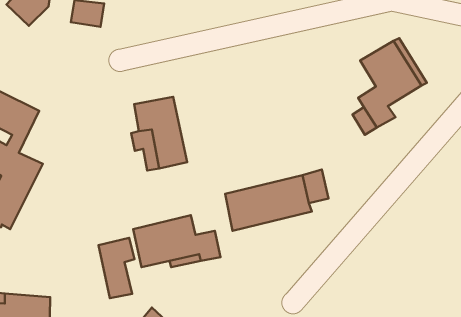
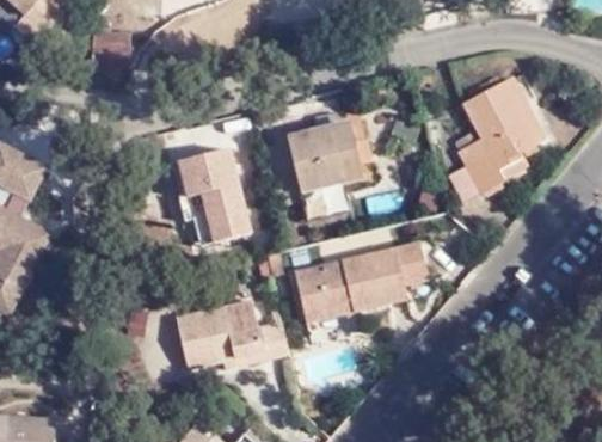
building: none -> [288,122,358,211]
building: [98,238,135,298] -> none

